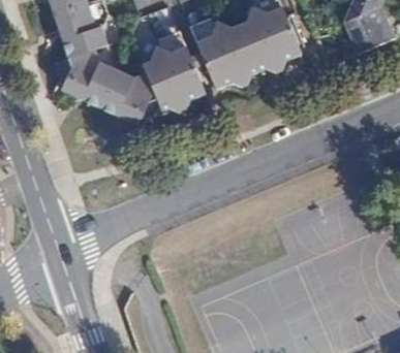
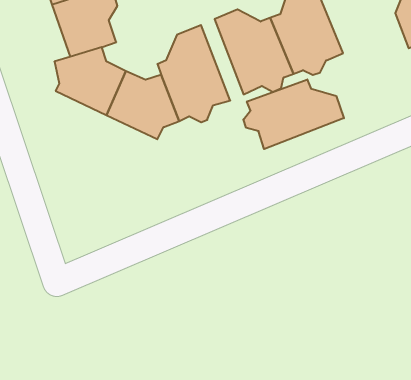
building: none -> [243,79,344,149]

